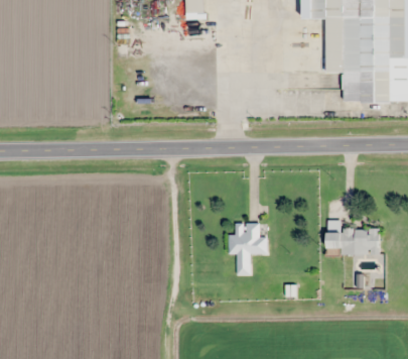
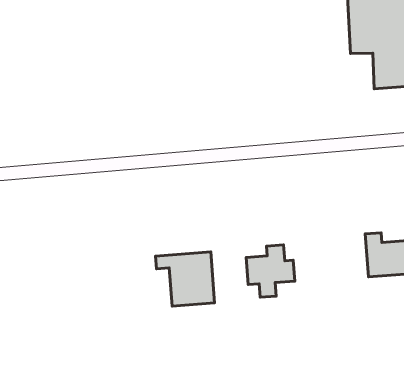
building: none -> [156,252,215,306]

